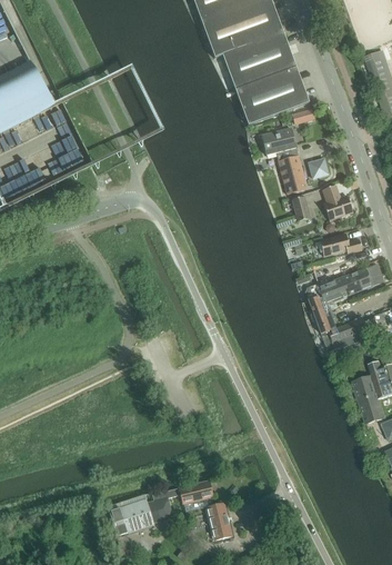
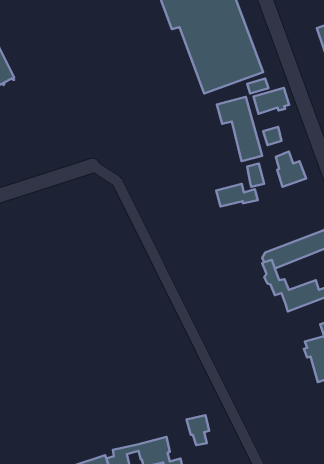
building: none -> [254,88,289,114]
building: [319,232,362,256] -> [216,184,258,206]
building: none -> [186,415,209,445]

